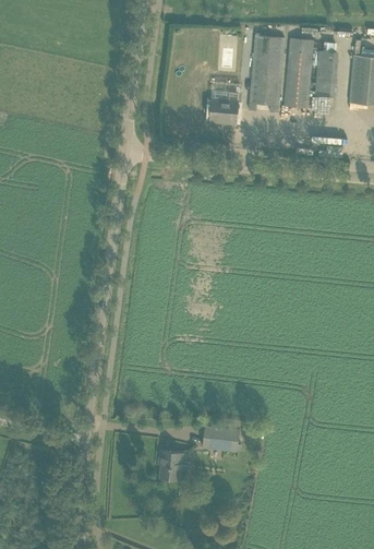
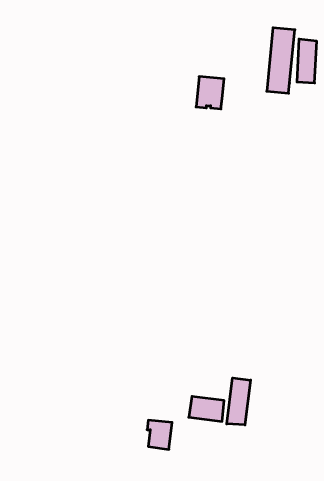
building: [249,35,283,111] -> none
building: none -> [227,378,251,425]

